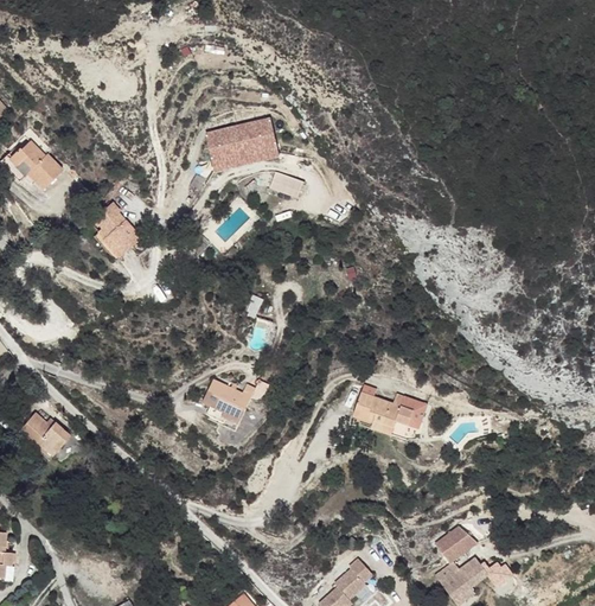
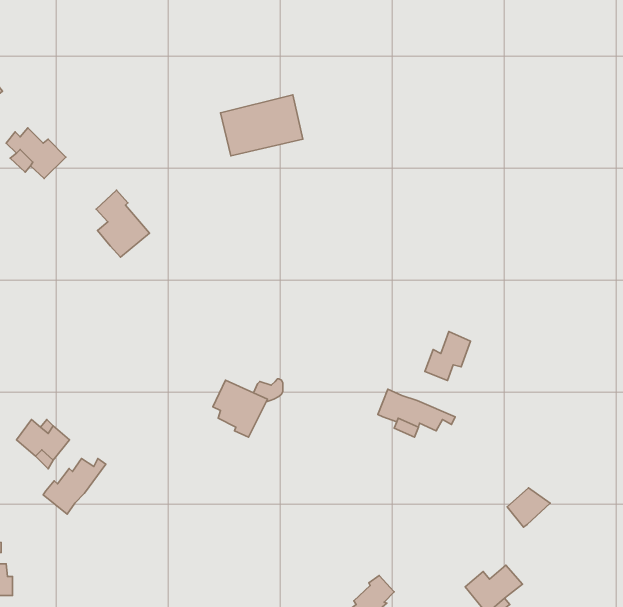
building: [270,168,305,196] -> none
building: none -> [425,331,470,380]
building: none -> [43,458,106,514]
building: [435,524,475,561] -> [507,488,550,527]

